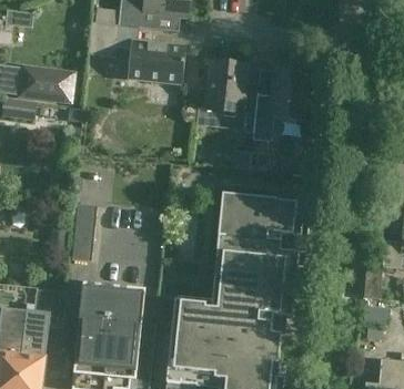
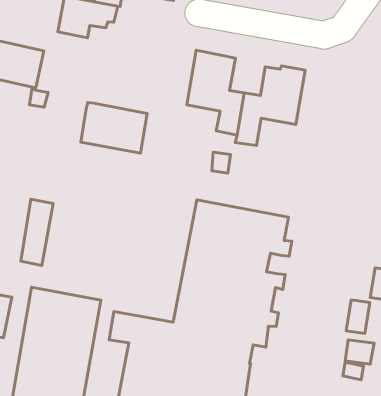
building: [129,41,185,82] -> [81,103,147,153]

